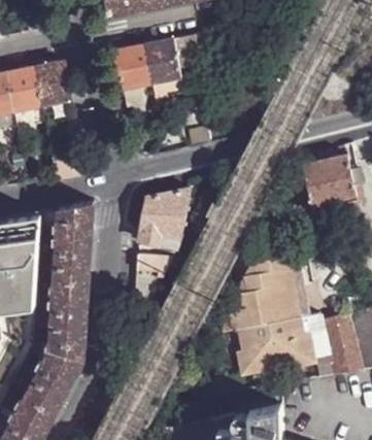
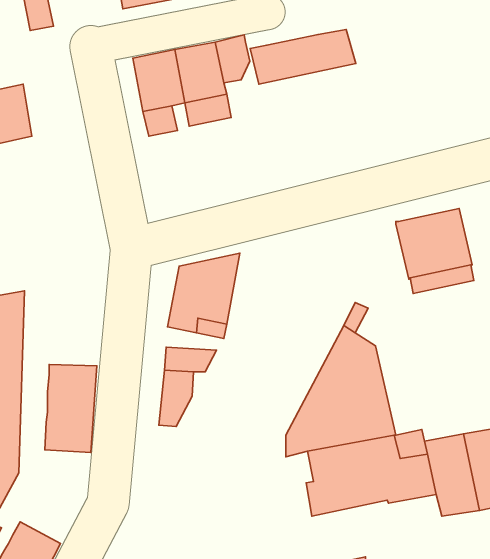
building: none -> [250,30,356,84]
building: [37,61,73,104] -> none
building: [56,200,93,268] -> none
building: [35,328,86,395] -> none

